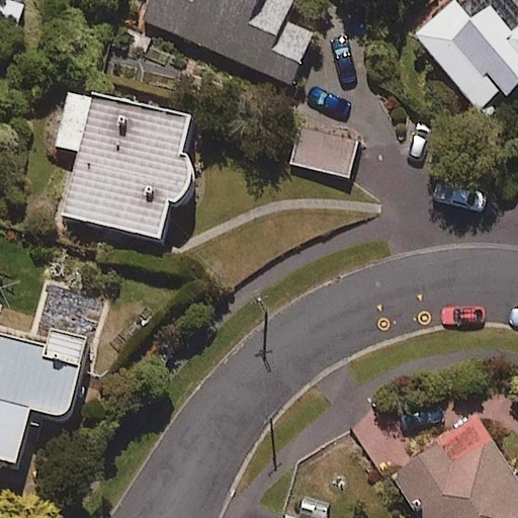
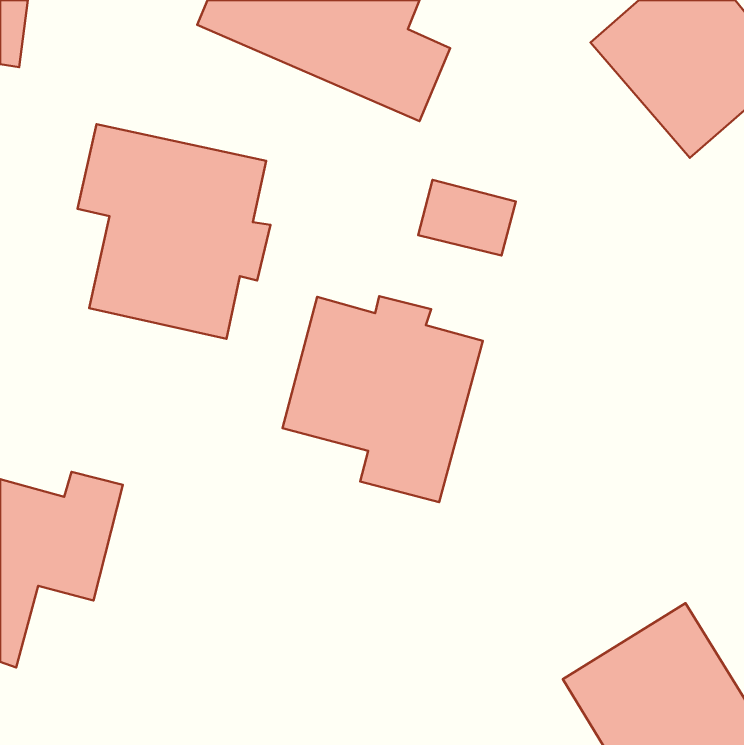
building: none -> [283,296,483,502]

